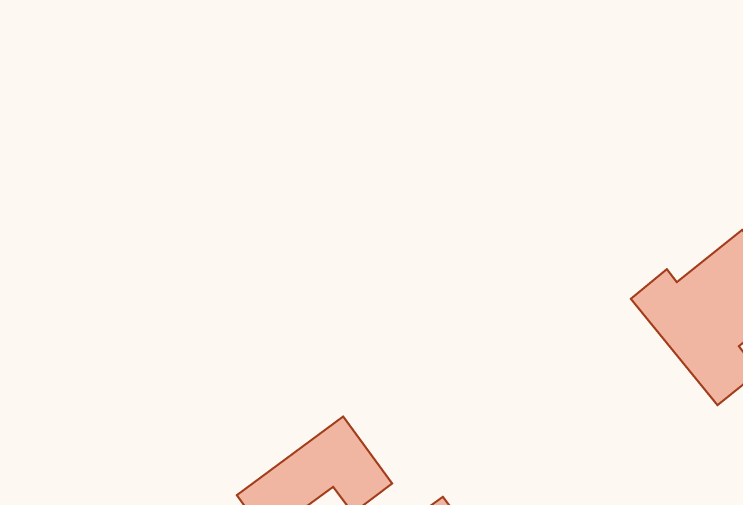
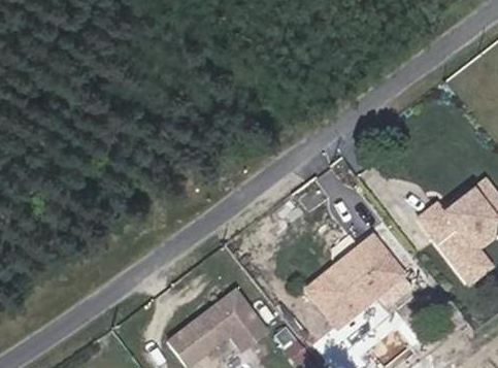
building: none -> [306,237,410,328]

